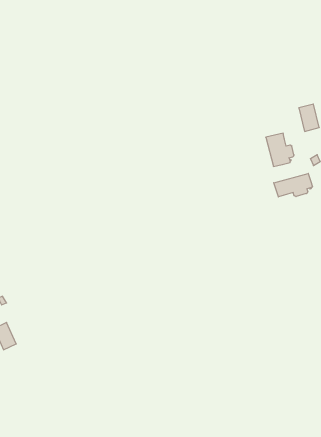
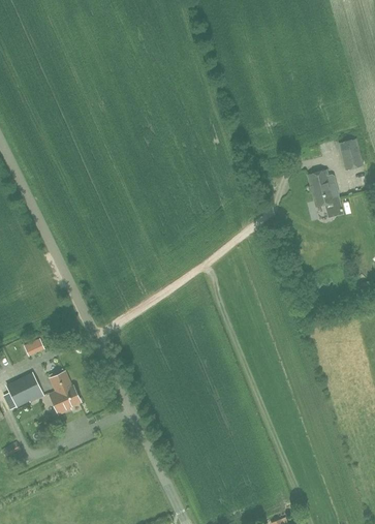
building: [274,173,312,197] -> none
building: none -> [49,370,80,414]

